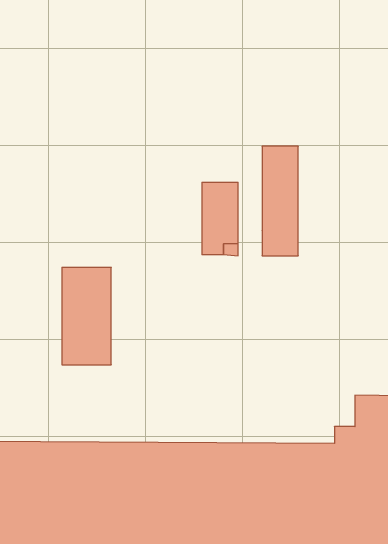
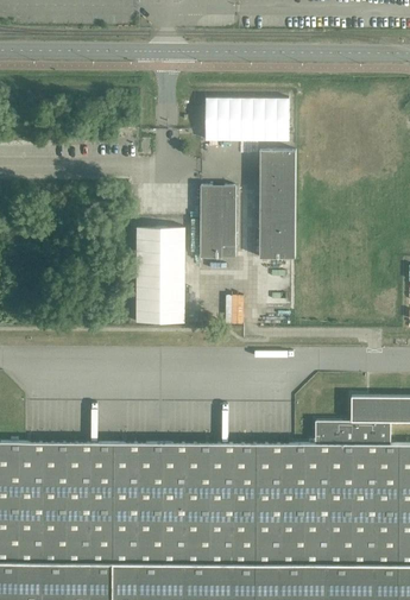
building: none -> [206,99,289,140]
building: [62,267,111,365] -> [137,228,185,324]

